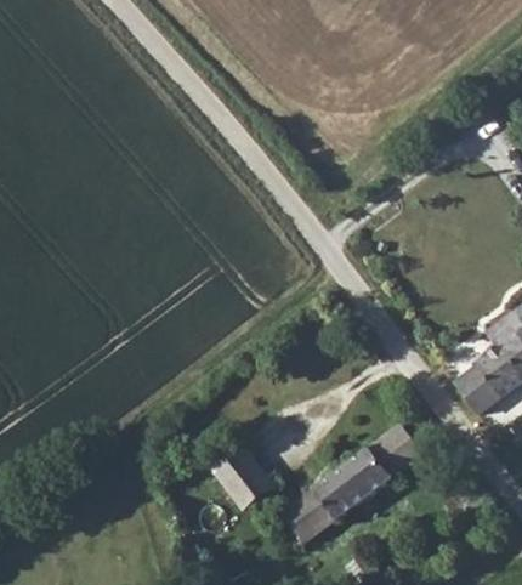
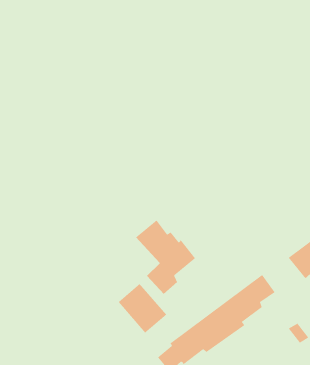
building: none -> [135,219,196,295]

